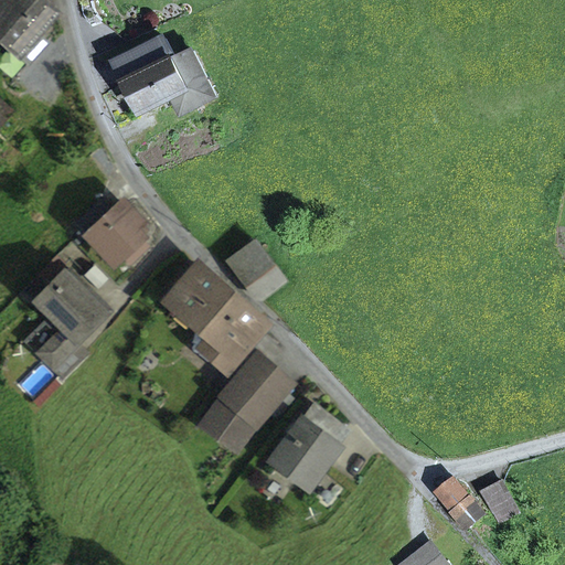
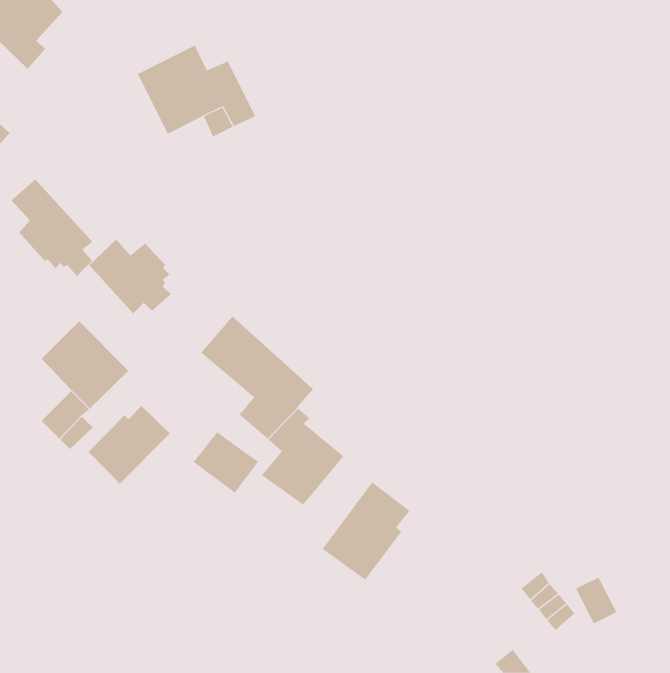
building: none -> [10,179,93,277]
building: [227,239,284,299] -> none
building: none -> [88,405,171,485]
building: [199,397,254,449] -> [193,431,259,493]

